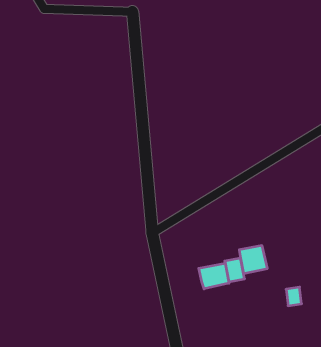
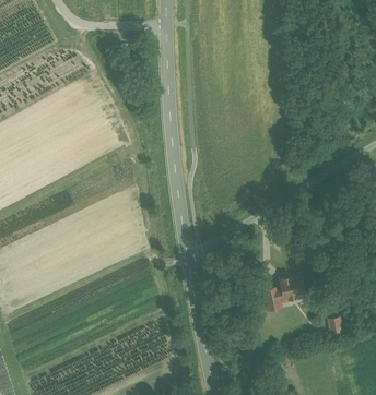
building: [199,263,229,289] -> none

